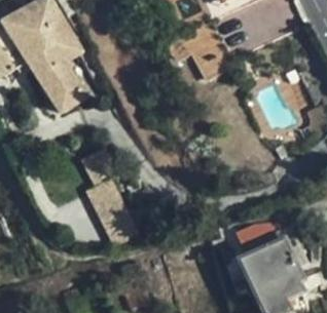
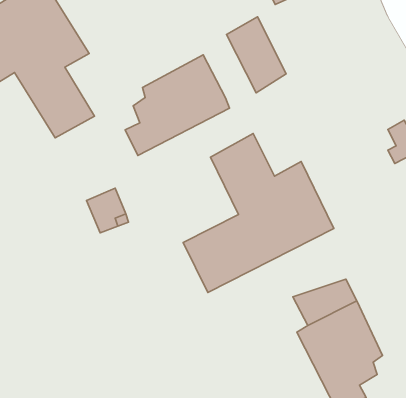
building: none -> [125,55,230,155]
building: none -> [183,134,334,293]

